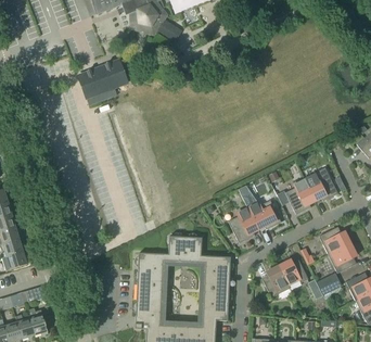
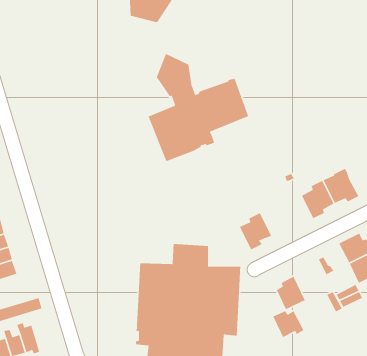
building: [79,61,128,97] -> none
building: none -> [147,53,249,162]
building: [248,200,281,229] -> none
building: [279,259,308,288] -> [272,310,305,341]

